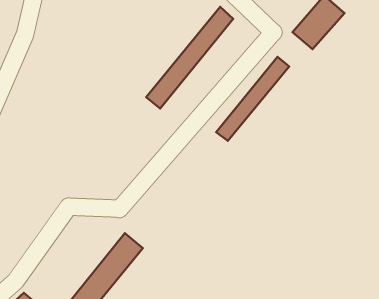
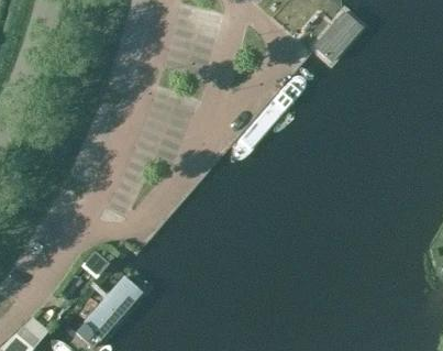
building: [146,7,233,109] -> none

